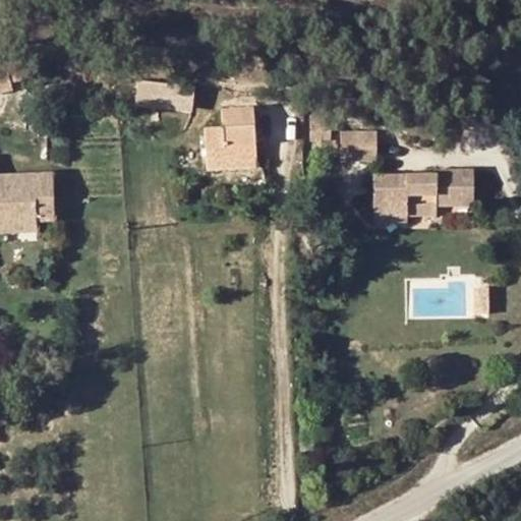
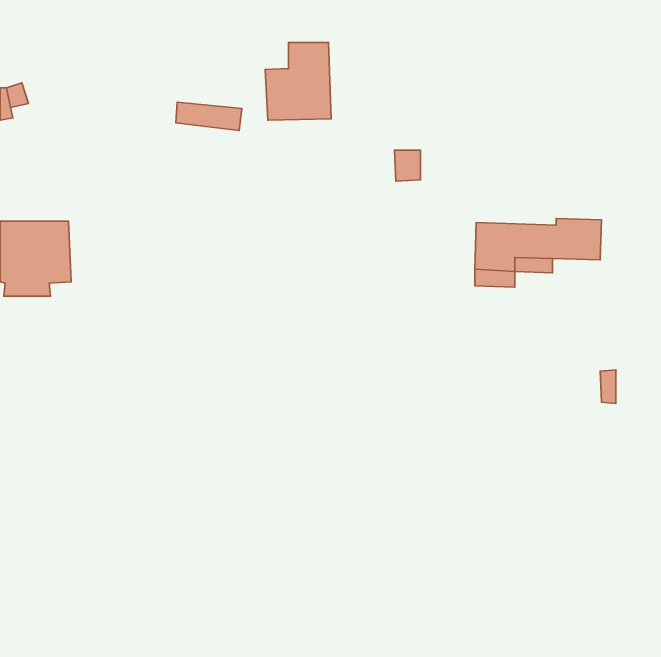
building: [202,107,254,168] -> [265,42,331,120]
building: [342,132,379,162] -> none

